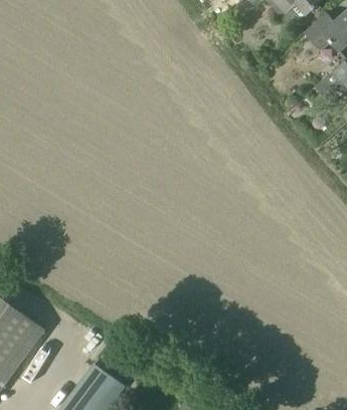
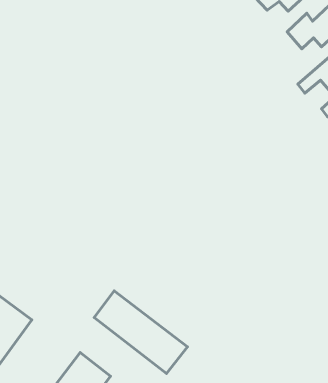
building: none -> [94,291,187,374]

